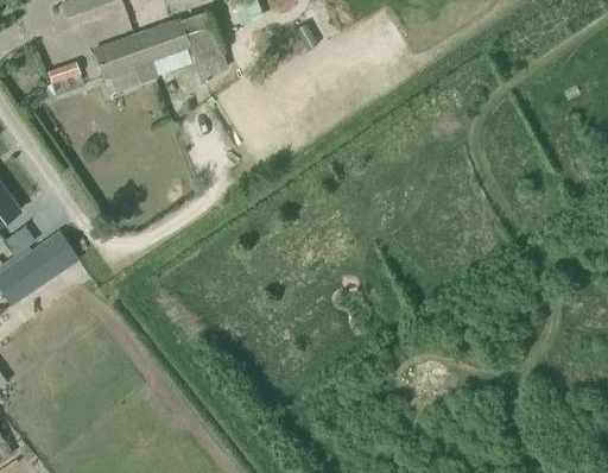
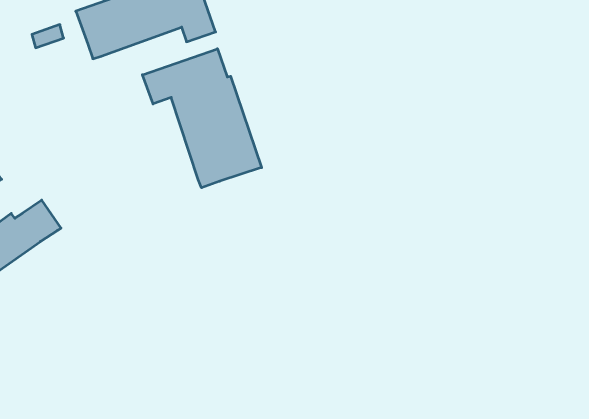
building: none -> [142,49,262,188]

